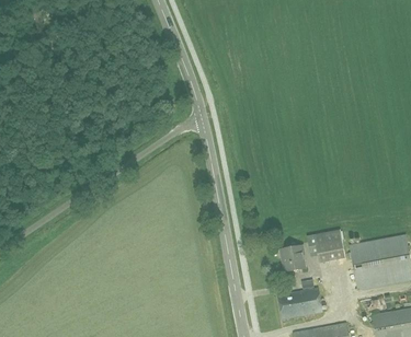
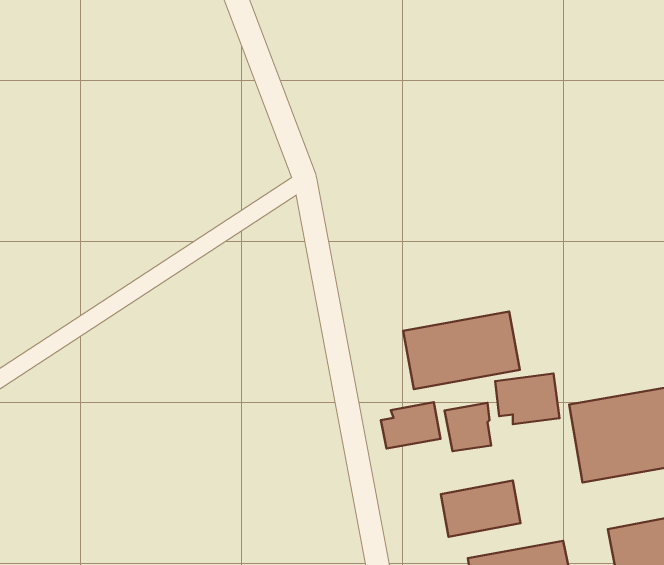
building: none -> [403,311,520,389]
building: none -> [381,402,440,448]

